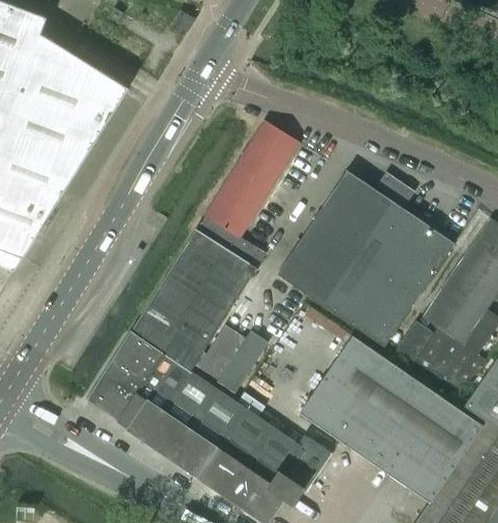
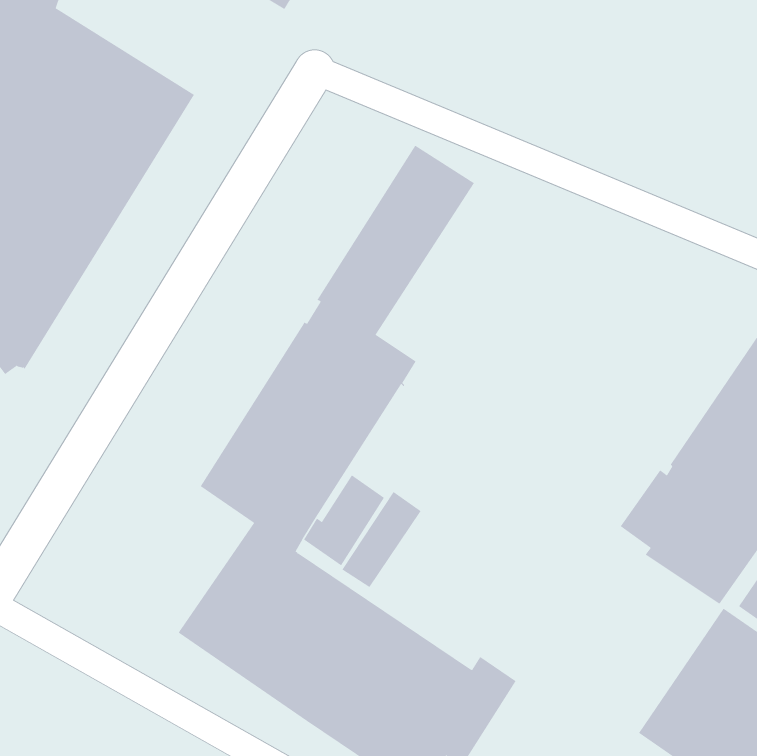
building: [276,172,454,347] -> none
building: [86,331,163,421] -> none
building: [299,336,455,485] -> none

